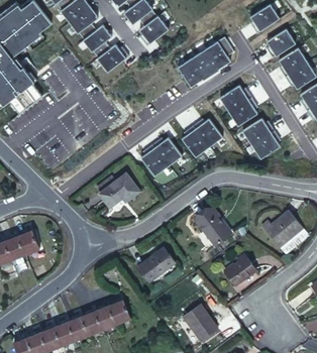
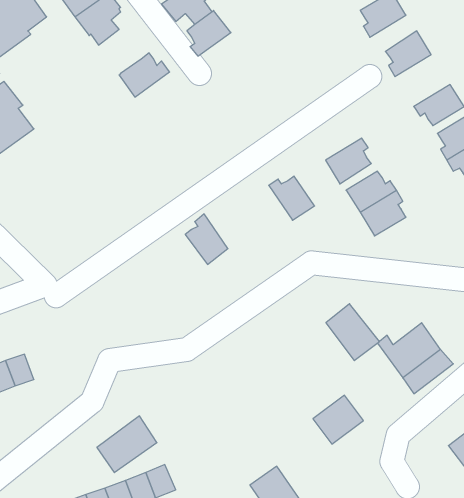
building: [81,20,110,53] -> none
building: [177,33,233,83] -> none
building: [278,45,307,75] -> none
building: [218,83,250,109] -> none
building: [179,125,206,157] -> none
building: [149,136,179,165] -> none
building: [100,173,140,207] -> none
building: [193,210,227,246] -> [326,304,379,361]
building: [134,254,173,290] -> [97,416,157,473]

